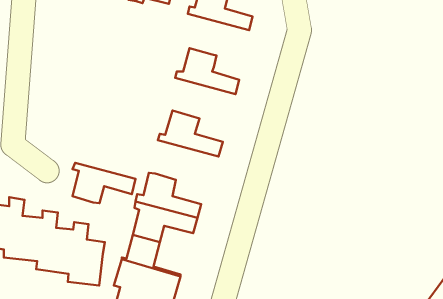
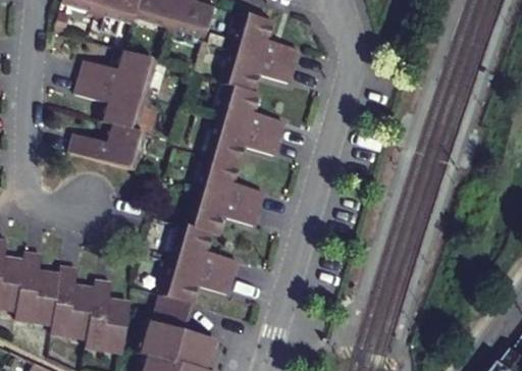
building: none -> [221,46,295,92]
building: none -> [68,51,154,171]
building: none -> [208,118,279,164]
building: [72,163,136,203] -> [189,189,260,234]

